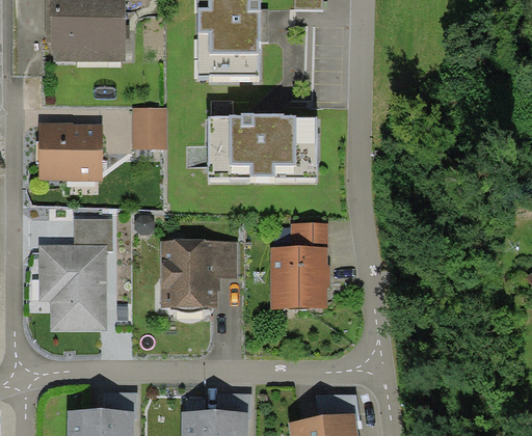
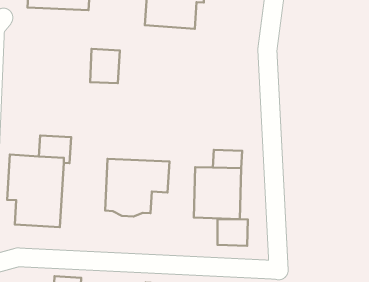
building: [208,112,317,179] -> none
building: [38,124,102,181] -> none
building: none -> [217,219,248,246]

